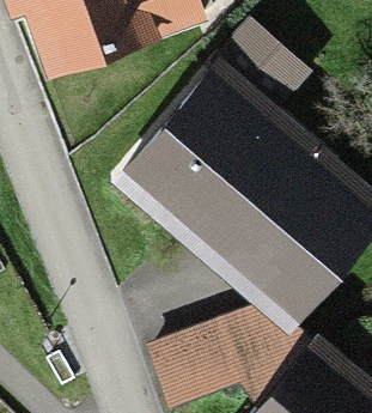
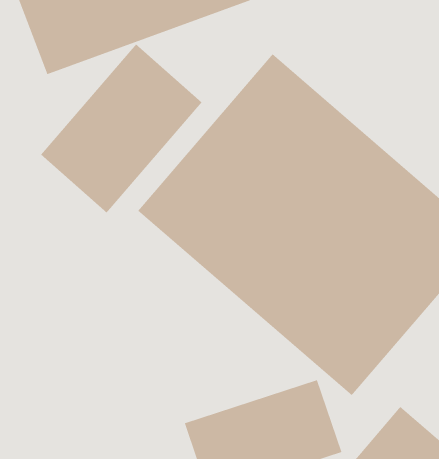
building: none -> [40,44,202,214]

